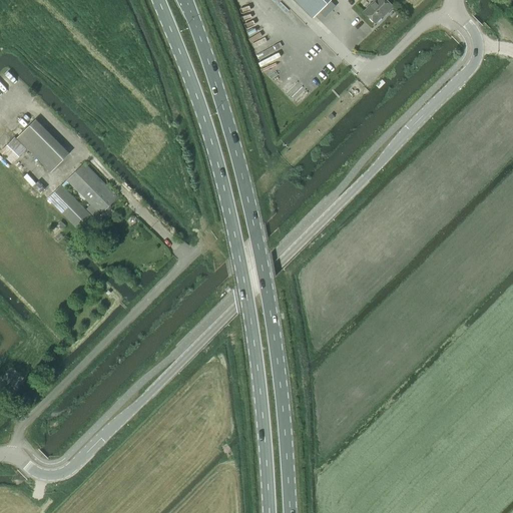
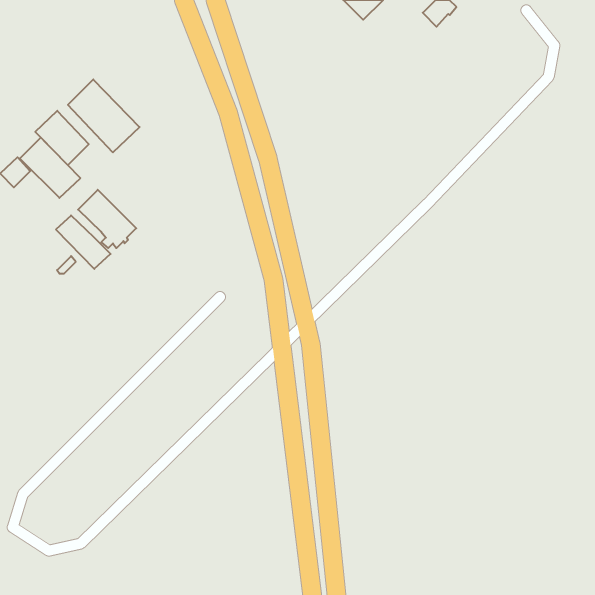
building: none -> [68,79,140,152]
building: none -> [35,111,89,165]

